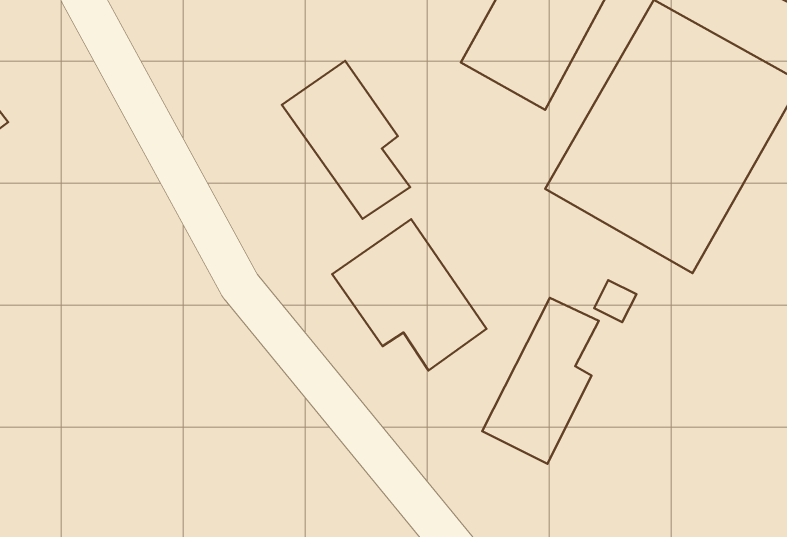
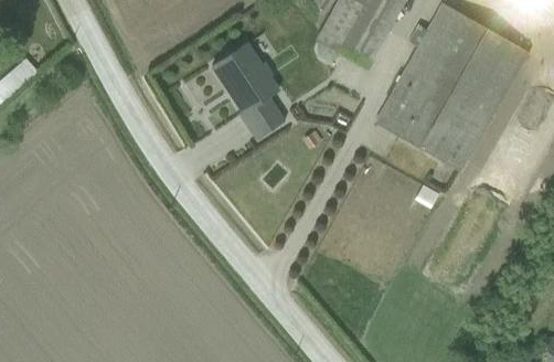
building: [332,219,486,371] -> none
building: [482,298,599,464] -> none

